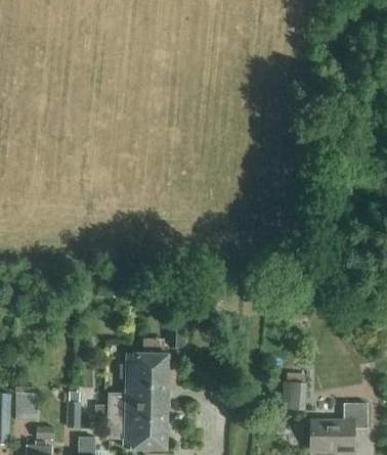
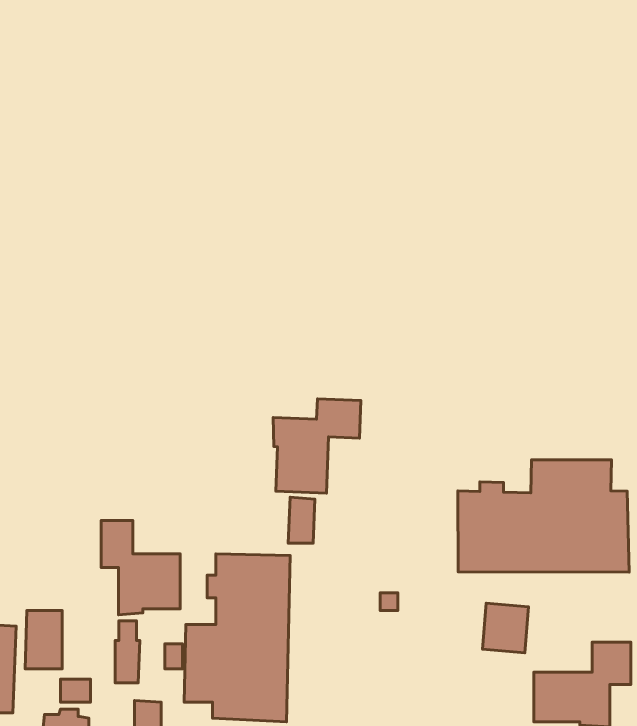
building: none -> [273,399,361,493]
building: none -> [458,460,629,572]
building: none -> [101,520,180,615]

